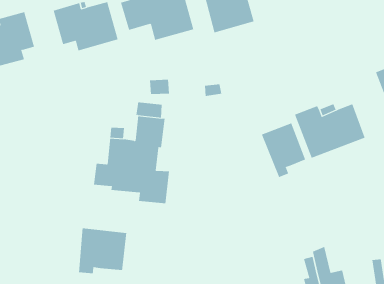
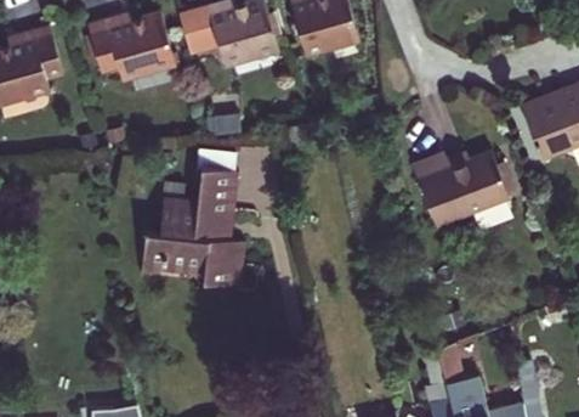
building: [261,123,306,178] -> none
building: [78,227,127,274] -> none

